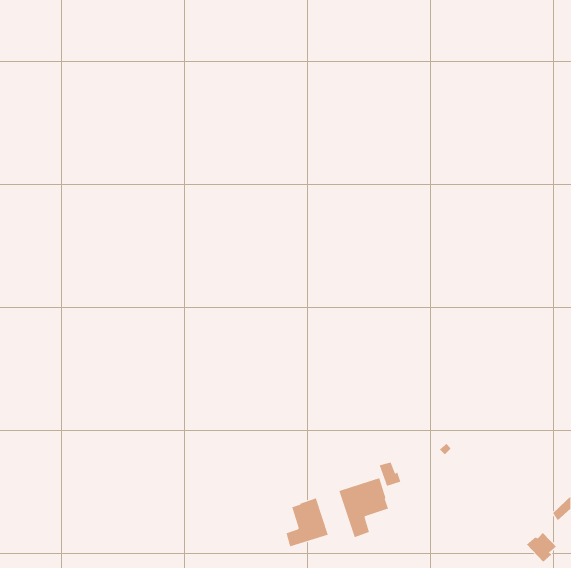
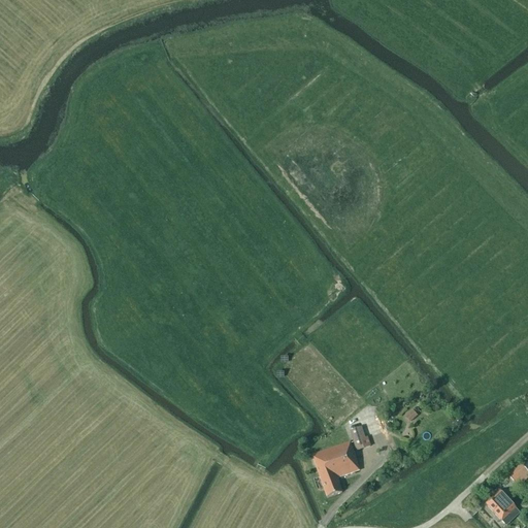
building: [286,498,328,547] -> none

